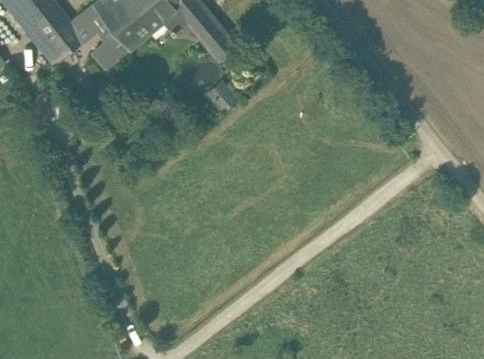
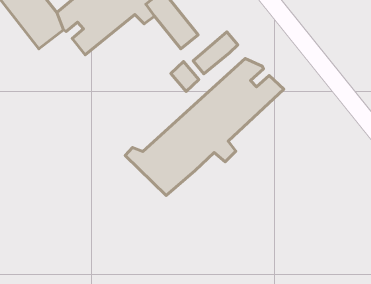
building: none -> [193,32,238,74]
building: none -> [125,59,284,195]

